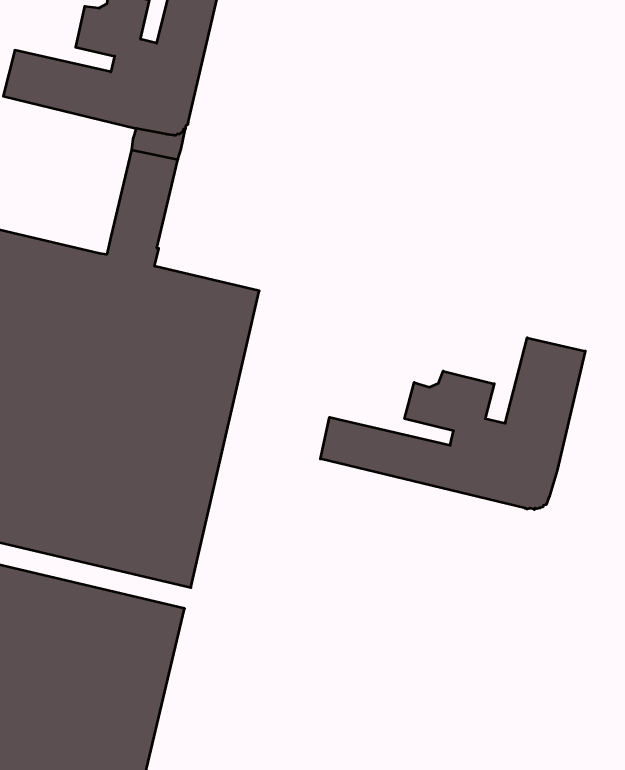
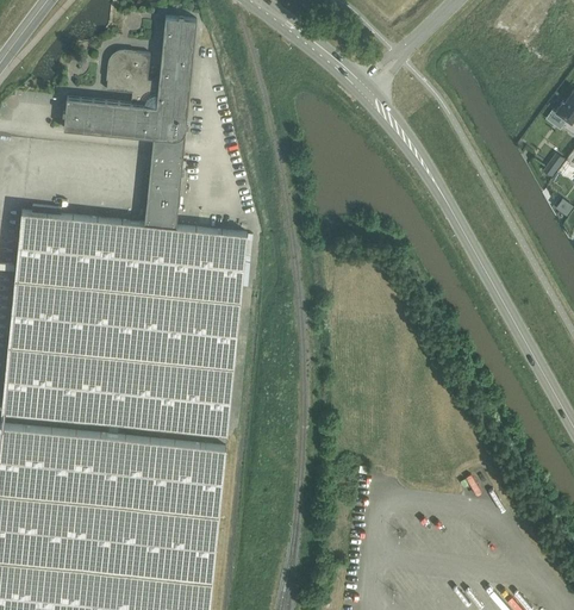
building: [320,338,585,510] -> none

